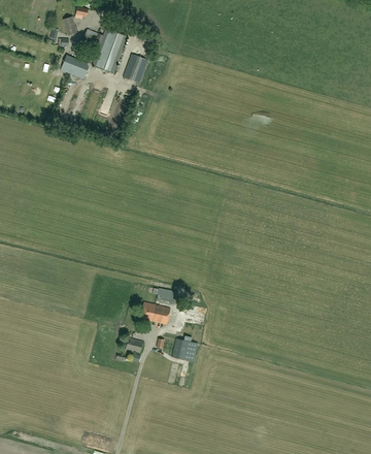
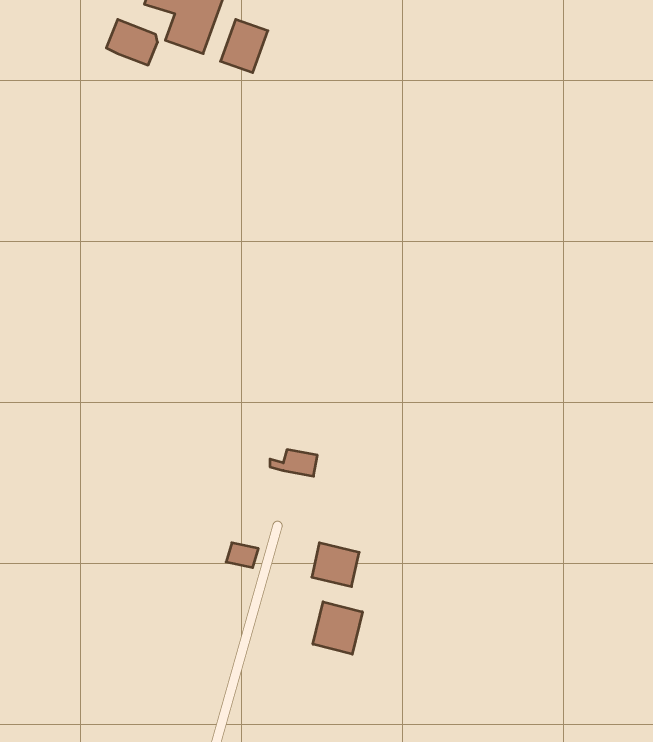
building: [140,302,170,325] -> none
building: none -> [313,602,362,654]

